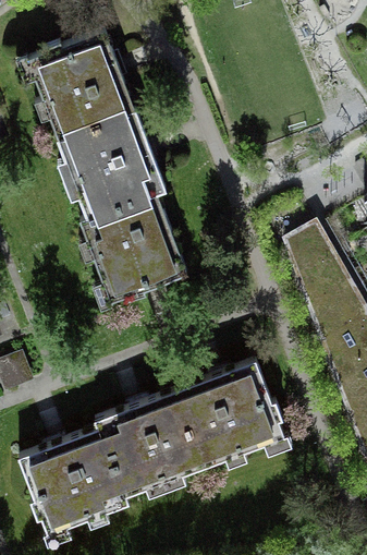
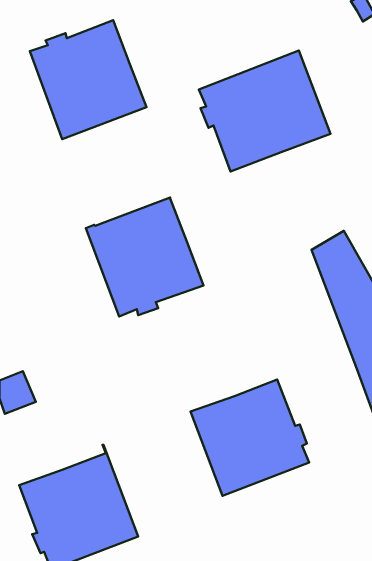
building: none -> [199,50,331,171]
building: [58,112,166,221] -> none
building: [96,391,205,506] -> none

